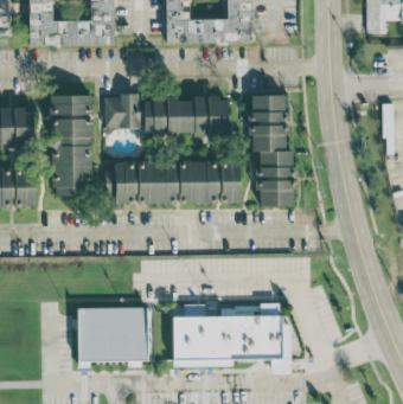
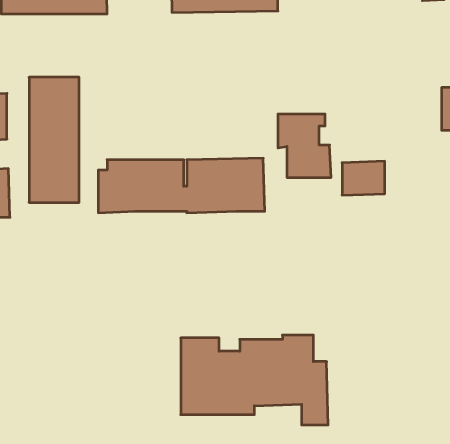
building: [250,95,289,123] -> none
building: [104,97,228,136] -> none
building: [260,180,294,207] -> [342,161,385,195]
building: [77,308,148,363] -> none

